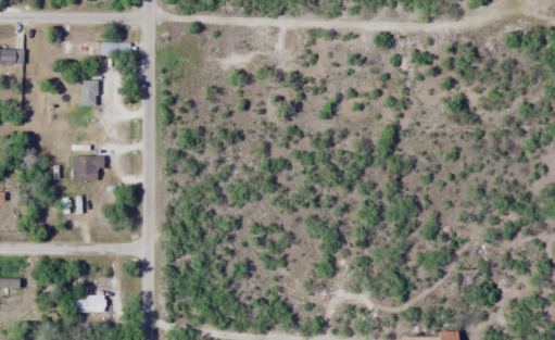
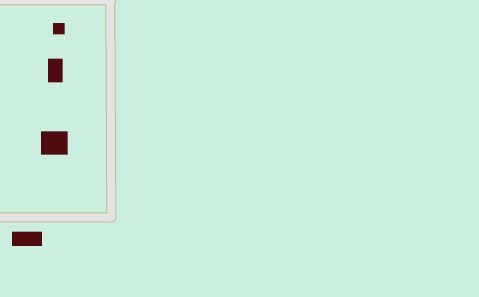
building: [72,295,105,312] -> [11,231,43,247]

